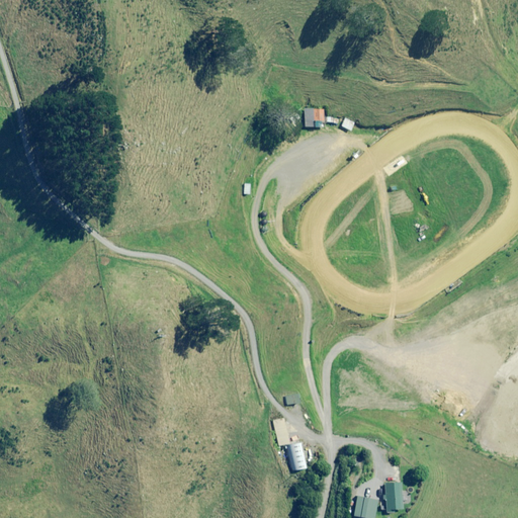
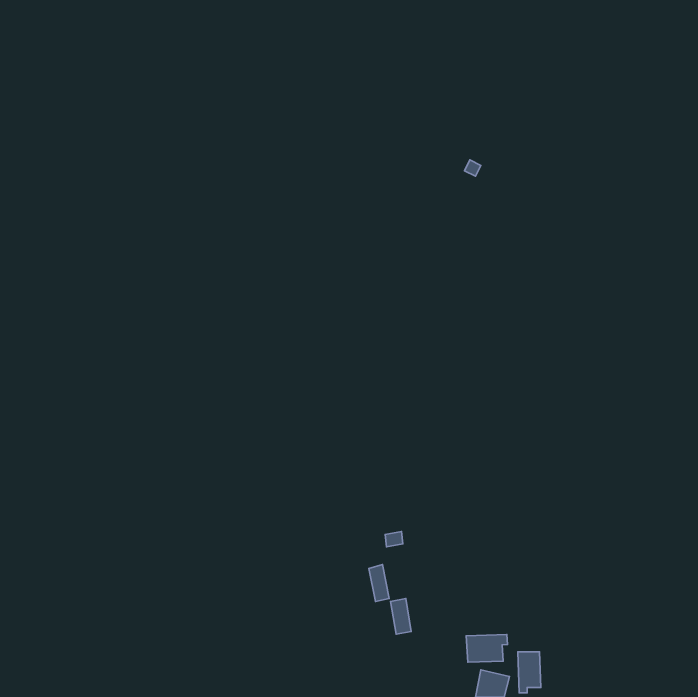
building: [307,108,327,127] -> none
building: none -> [466,635,508,662]

